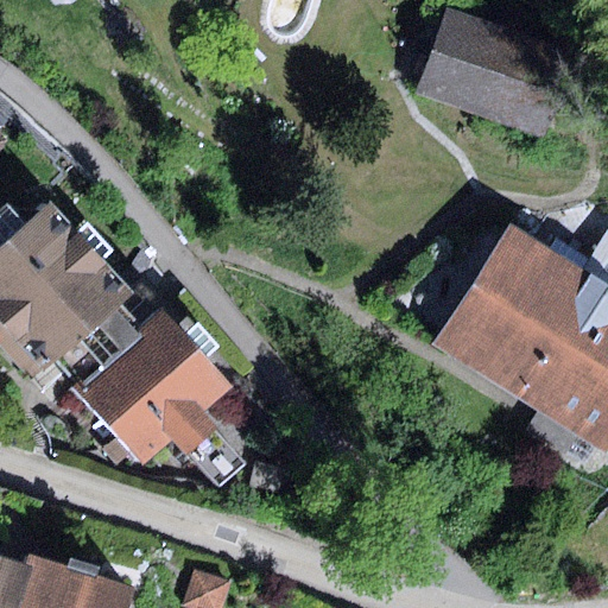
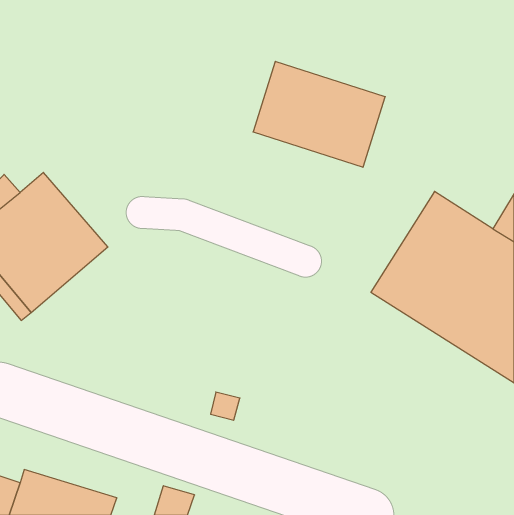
building: [418,10,574,134] -> [253,61,385,167]
building: [78,314,233,463] -> none

